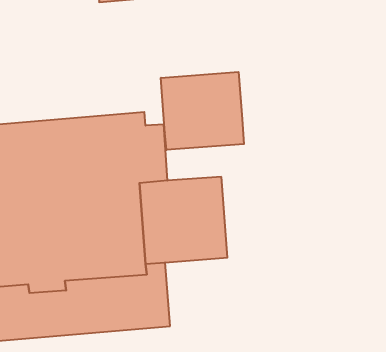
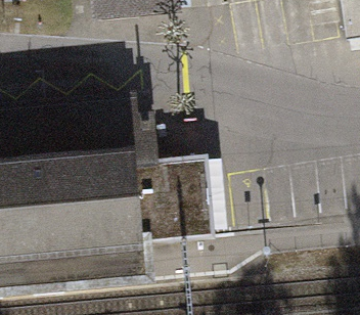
building: [161,72,244,150] -> none

